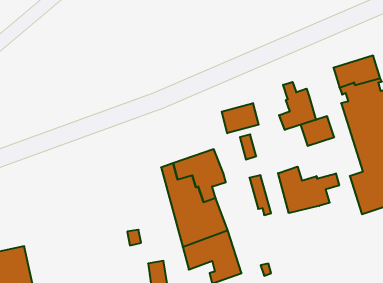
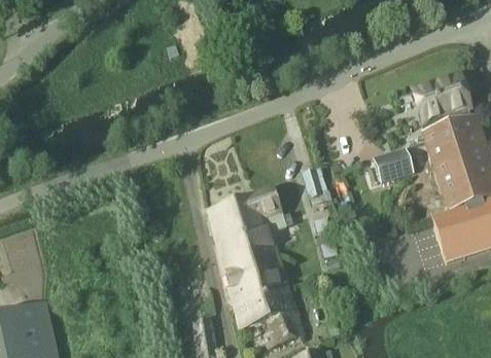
building: [279,82,316,130] -> none
building: [222,103,259,133] -> none
building: [278,167,339,213] -> none

